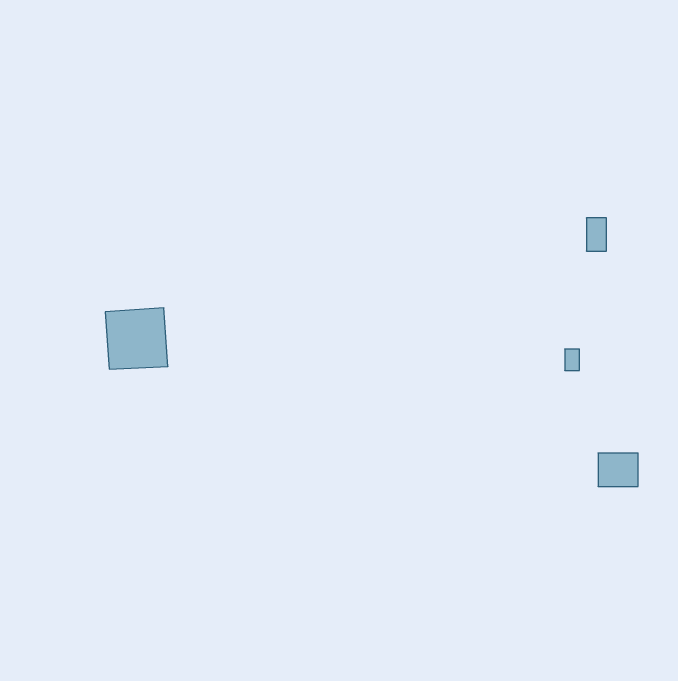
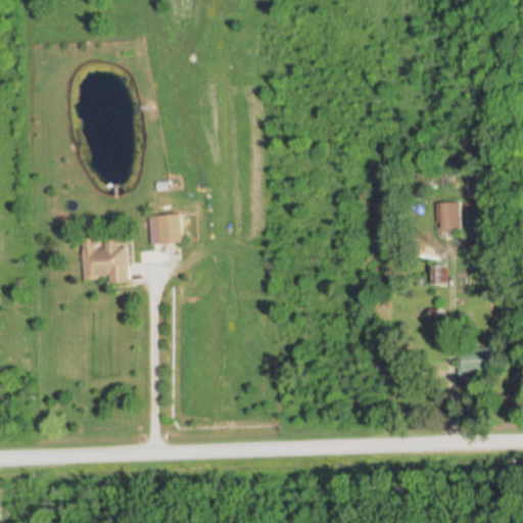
building: [586,218,606,251] -> [440,203,456,229]
building: none -> [149,215,182,245]

